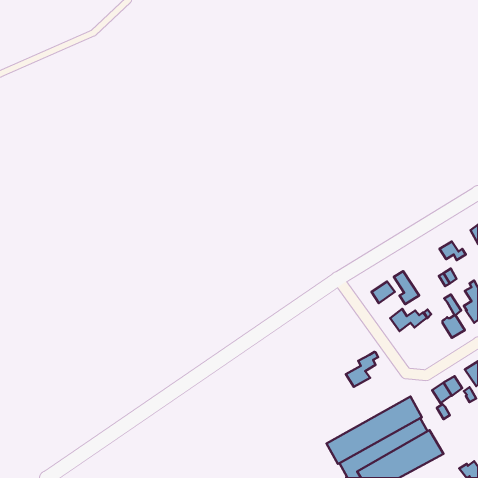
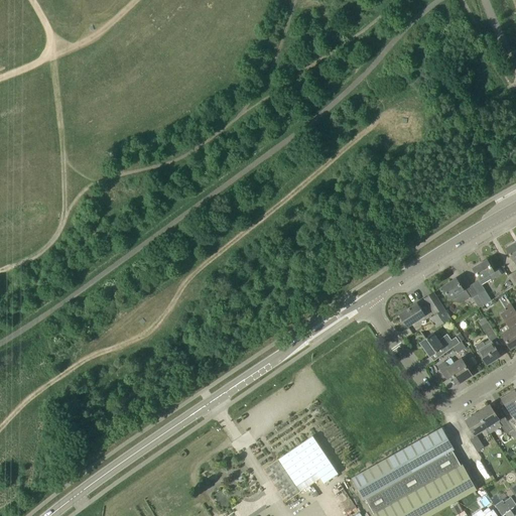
building: none -> [442,278,471,303]
building: none -> [439,359,472,384]
building: [346,352,378,387] -> none
building: none -> [279,435,339,485]

